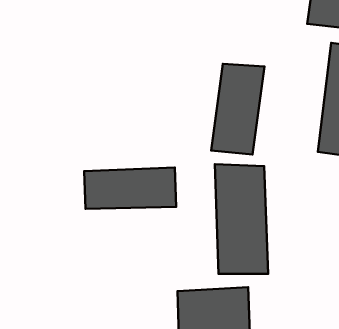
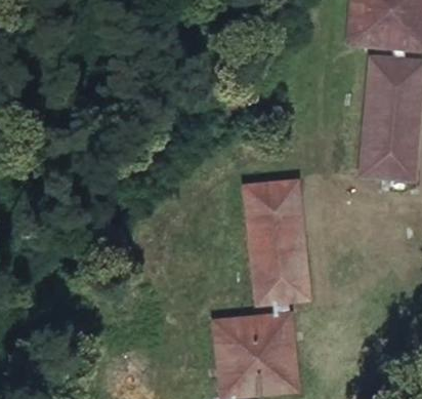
building: [211,64,265,155] -> none
building: [84,167,176,209] -> none

